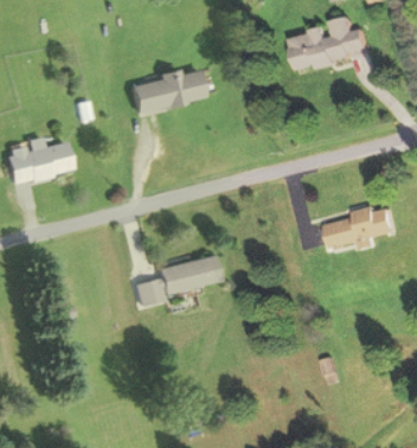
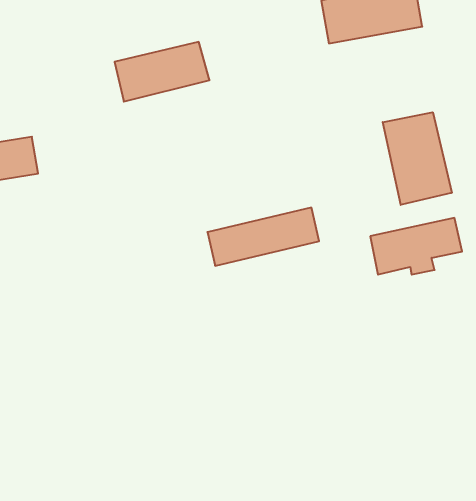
building: none -> [383,112,452,205]
building: [135,256,222,301] -> [207,208,319,266]

